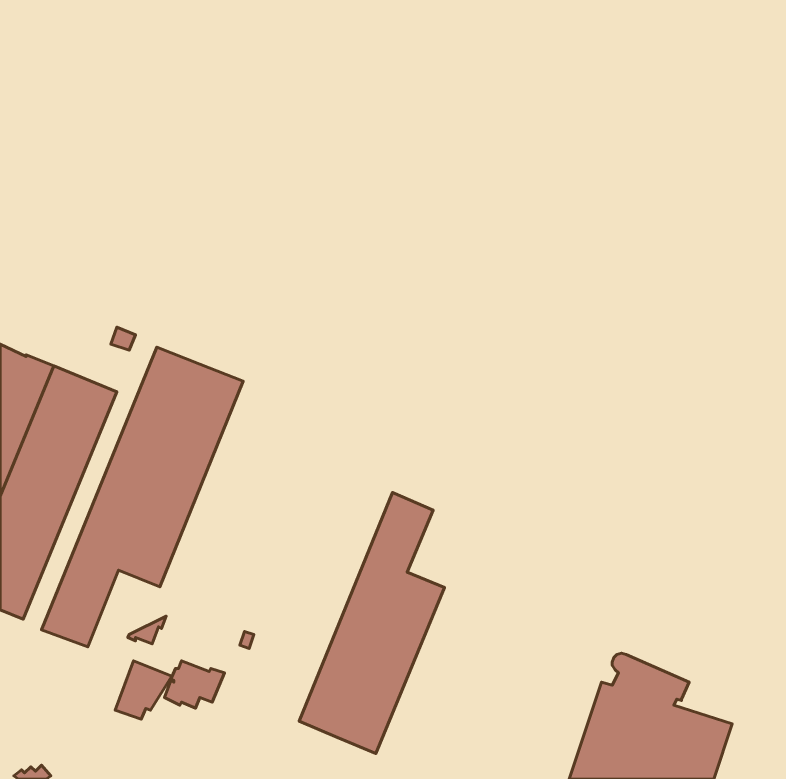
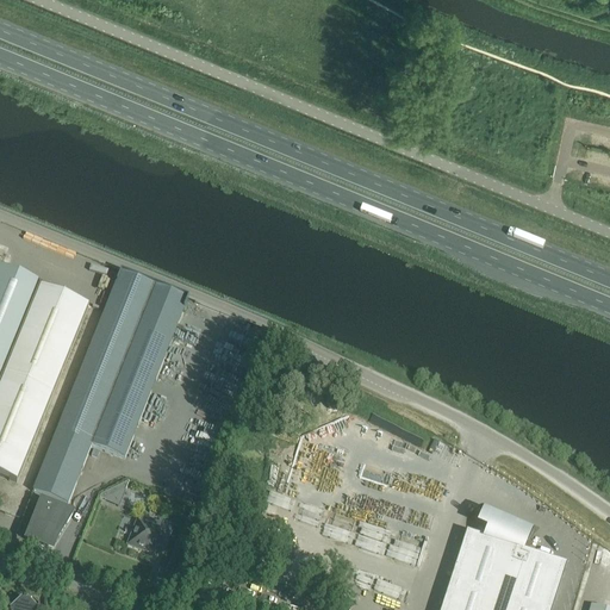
building: [299,492,445,754] -> none
building: [115,661,172,719] -> [27,499,71,544]

